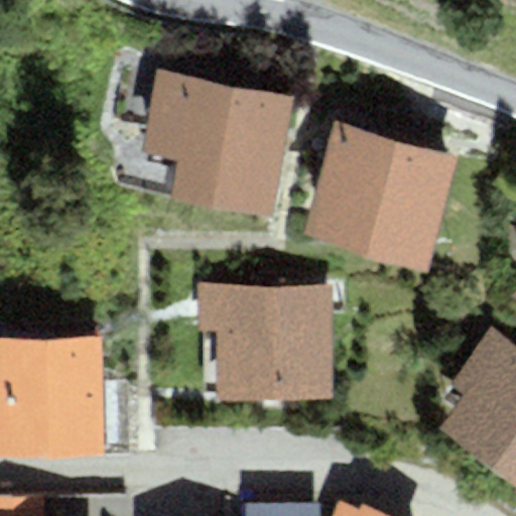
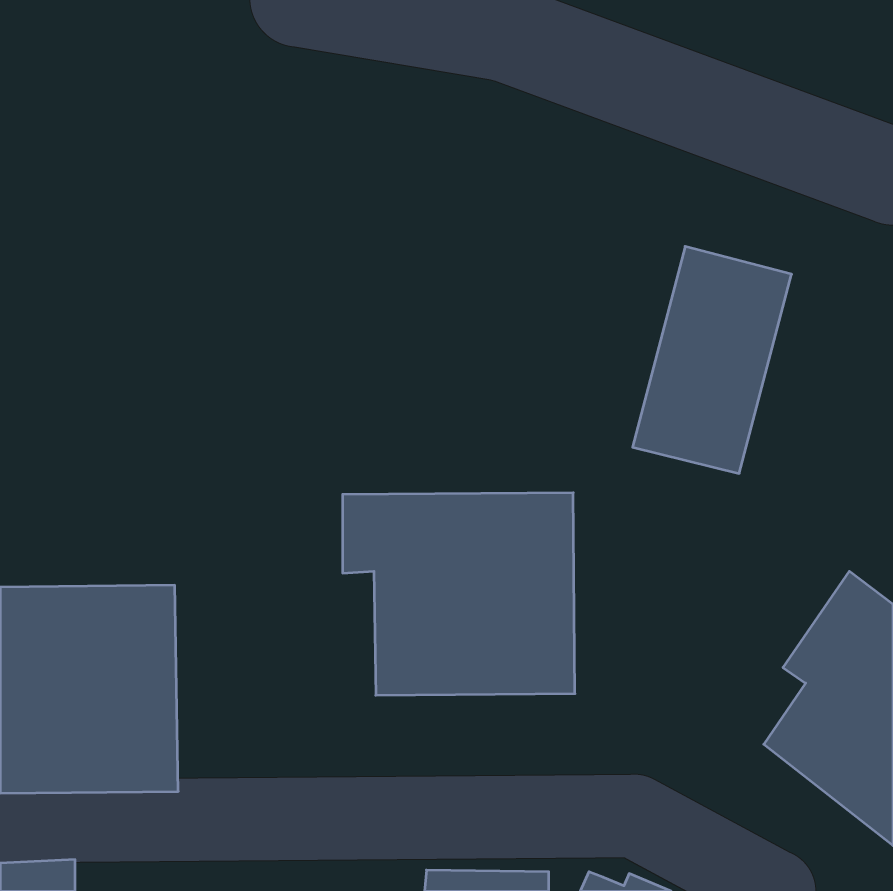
building: [140,68,294,221] -> none
building: [302,126,395,258] -> none

